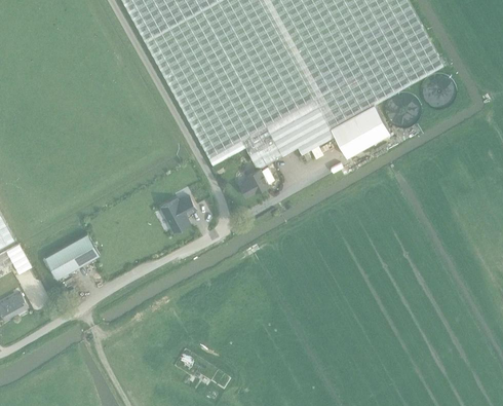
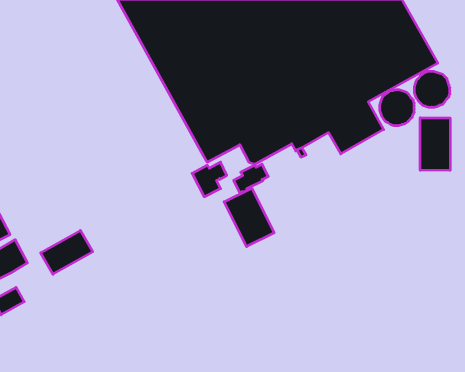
building: none -> [420,118,450,170]
building: none -> [224,188,274,247]
building: [159,195,194,230] -> [192,162,227,197]

